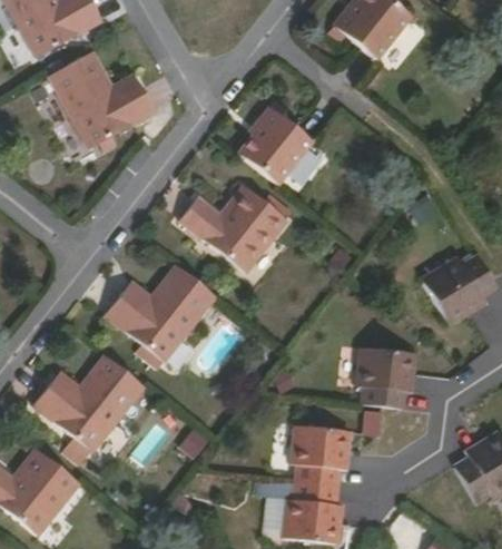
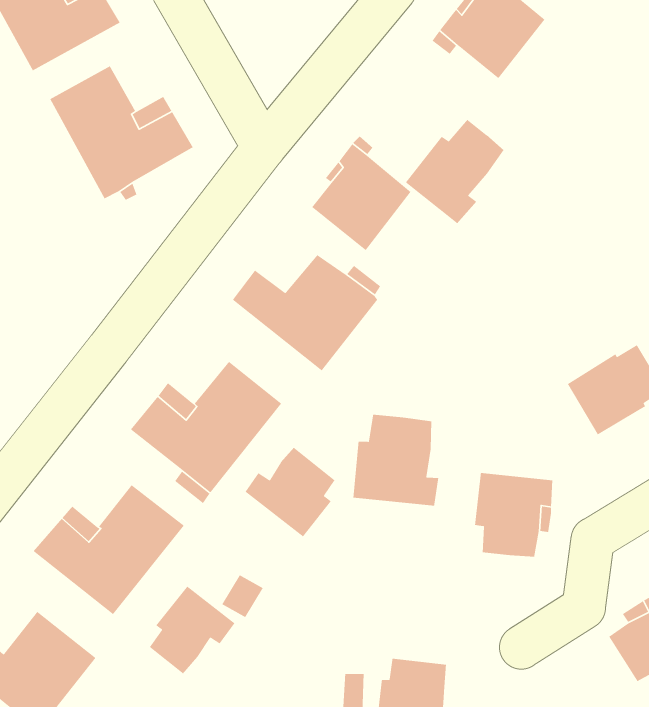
building: none -> [405,119,504,224]
building: none -> [353,414,439,507]
building: none -> [245,447,336,537]
building: [293,425,350,487] -> none
building: none -> [149,586,235,675]

